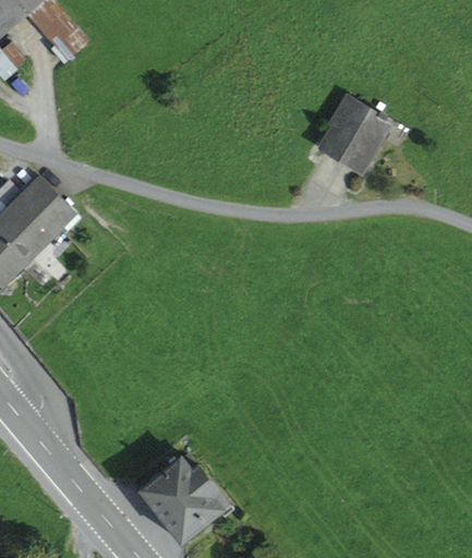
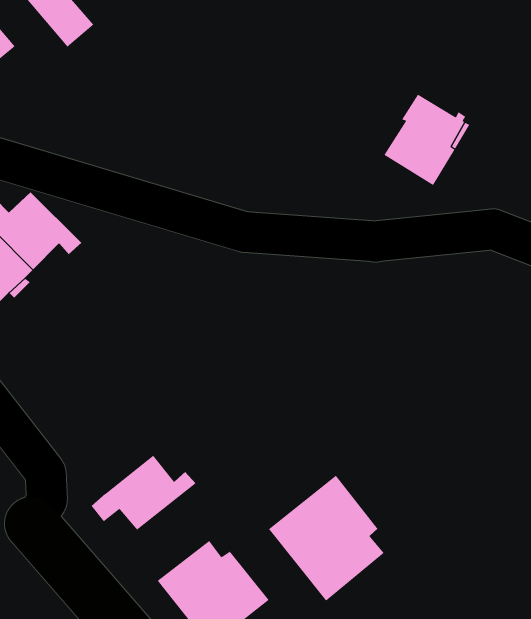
building: none -> [91,455,196,531]
building: none -> [268,475,385,601]

